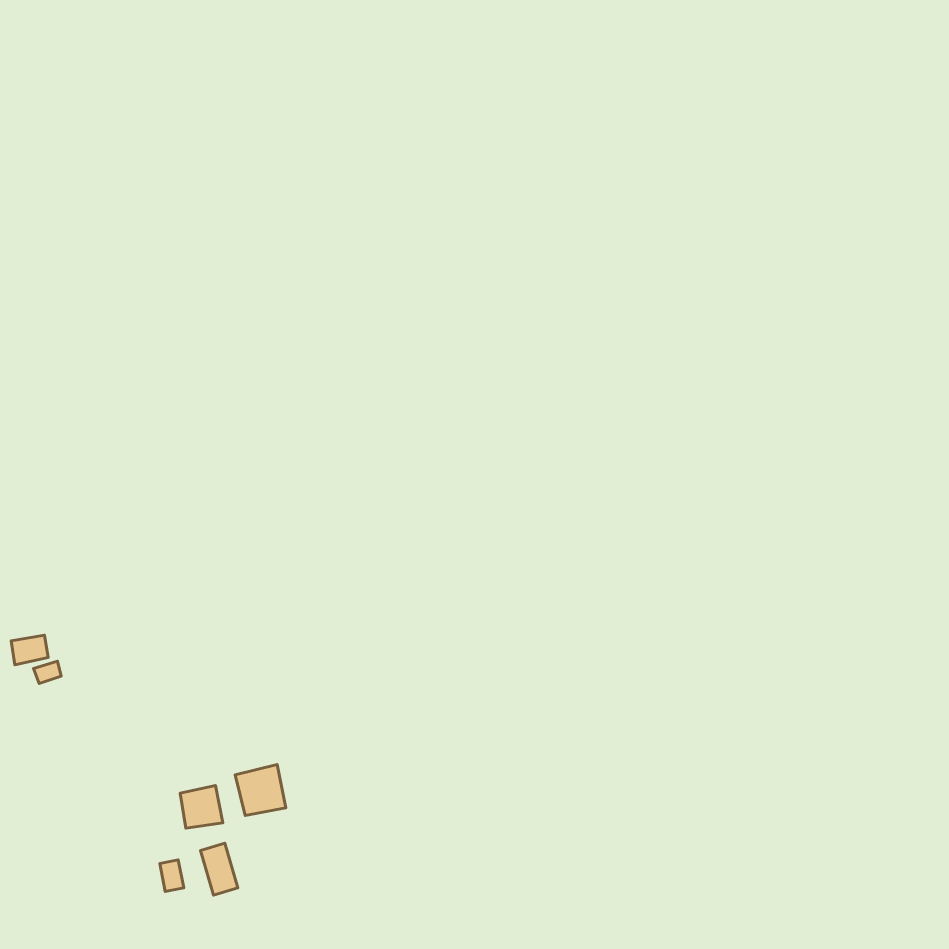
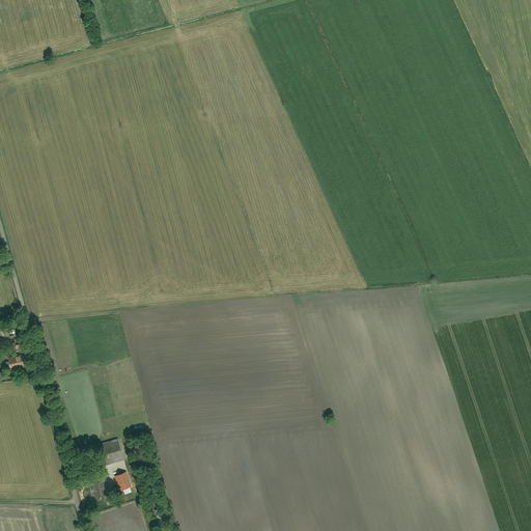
building: [235,764,286,816] -> none

